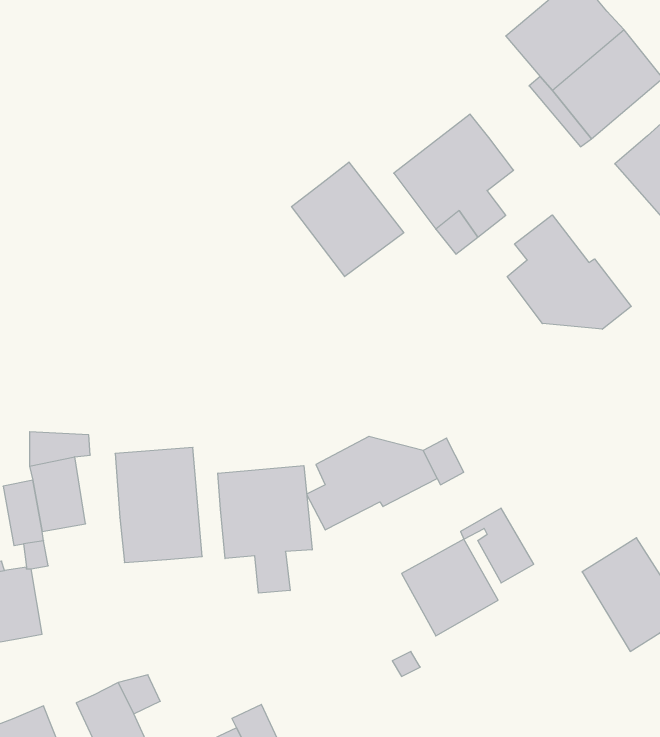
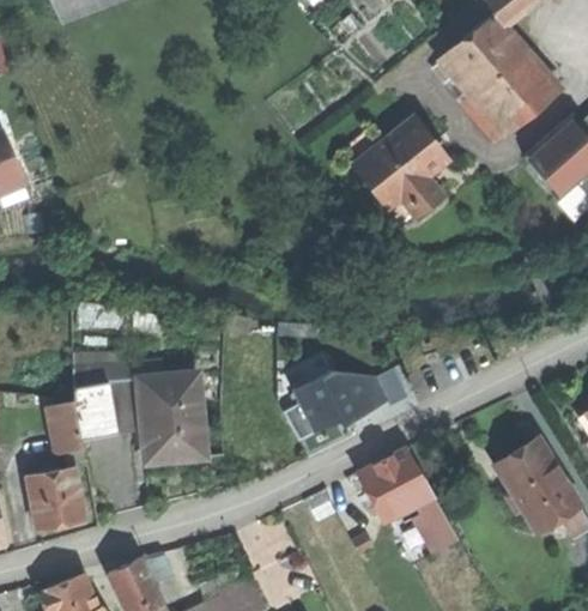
building: [292,162,404,277] -> none
building: [507,215,631,329] -> none
building: none -> [108,380,143,434]
building: [218,466,312,593] -> none
building: [461,508,534,583] -> [402,492,459,550]

